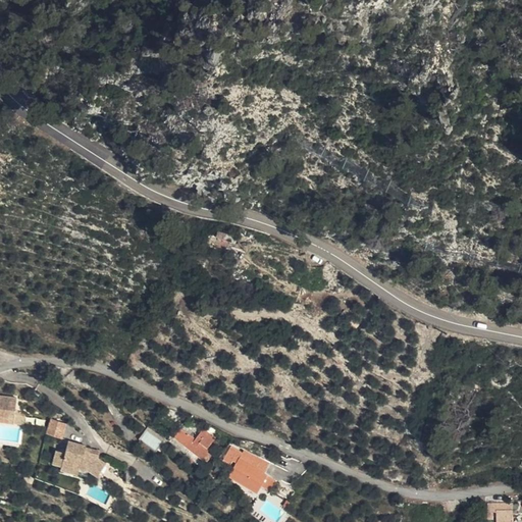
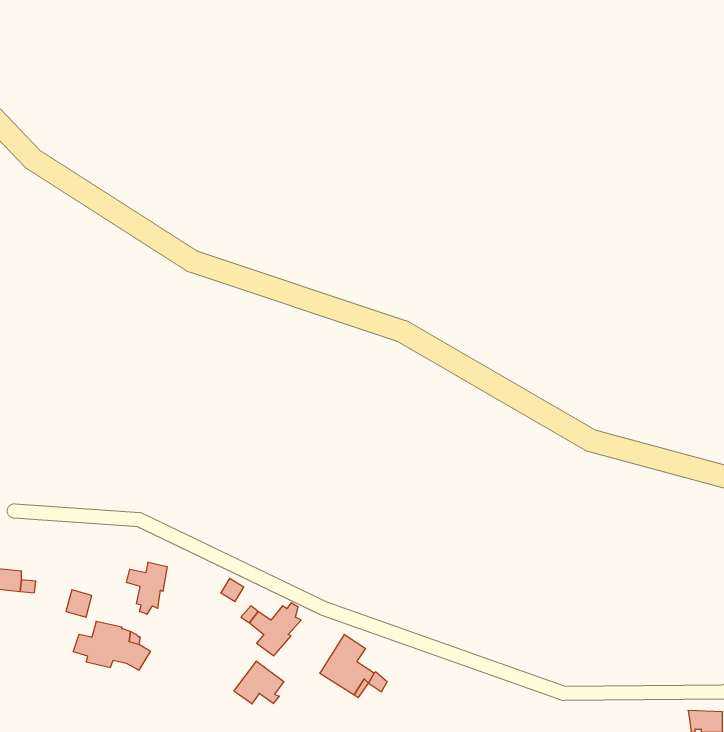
building: none -> [127,562,167,614]
building: none -> [234,661,284,704]

